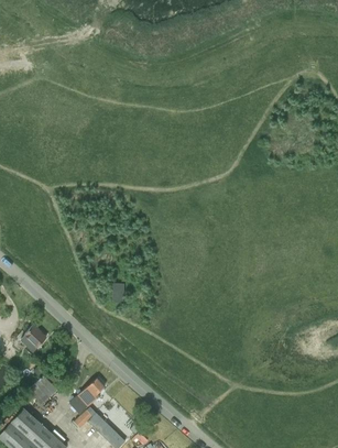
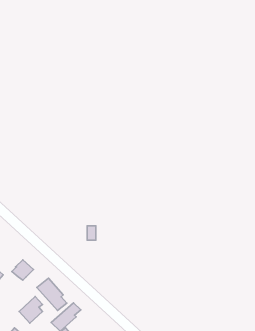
building: none -> [37,278,67,311]

